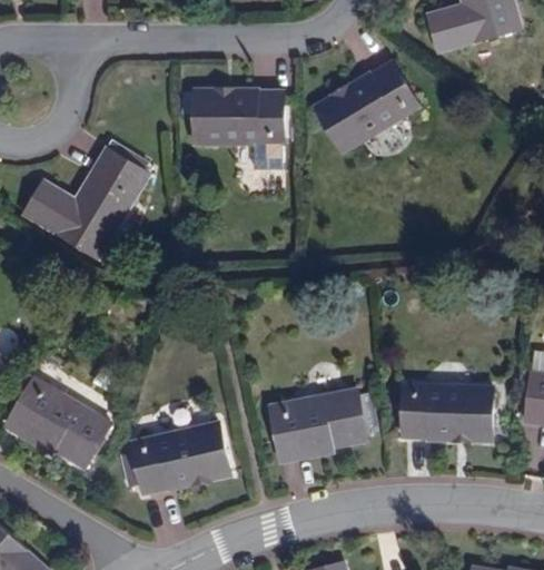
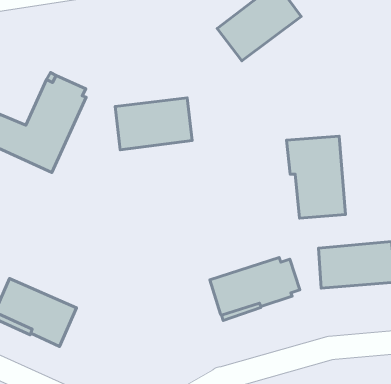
building: [194,92,280,145] -> [115,98,192,150]
building: none -> [286,136,345,218]
building: [131,424,228,493] -> none

